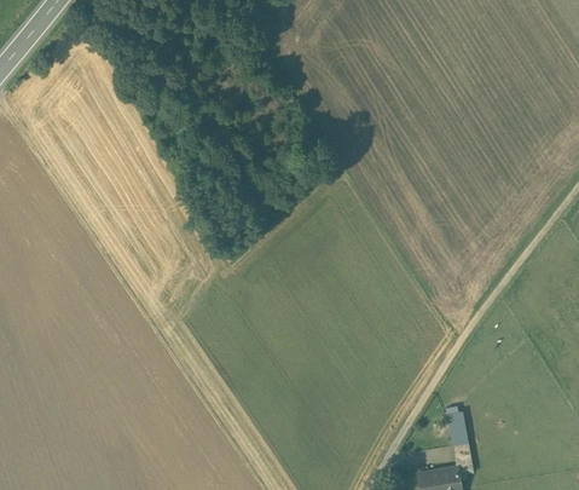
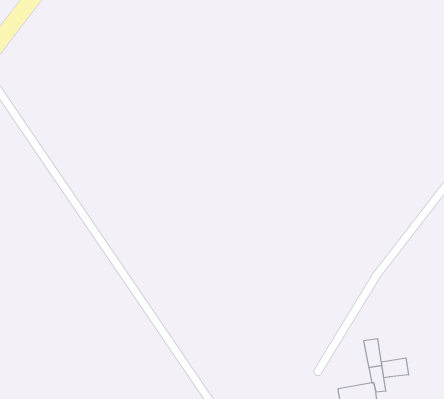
building: none -> [381,358,409,378]

